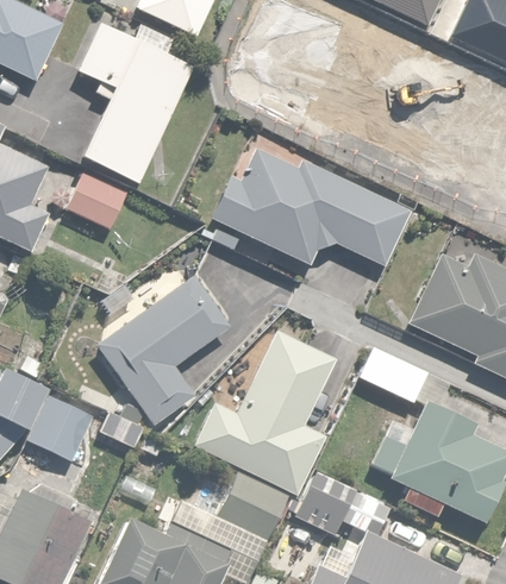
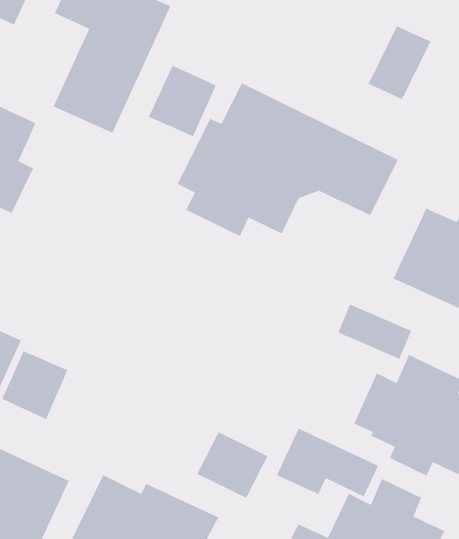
building: none -> [367,25,432,100]
building: none -> [148,64,217,137]
building: [67,171,136,233] -> none
building: [94,275,232,428] -> none
building: [193,329,336,496] -> none

